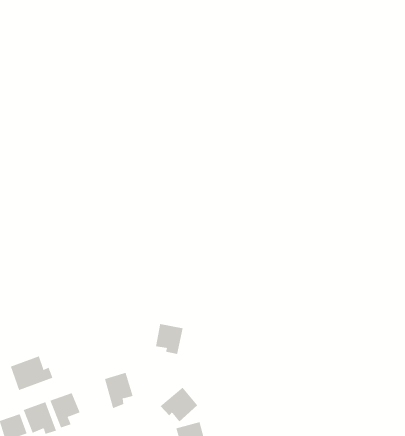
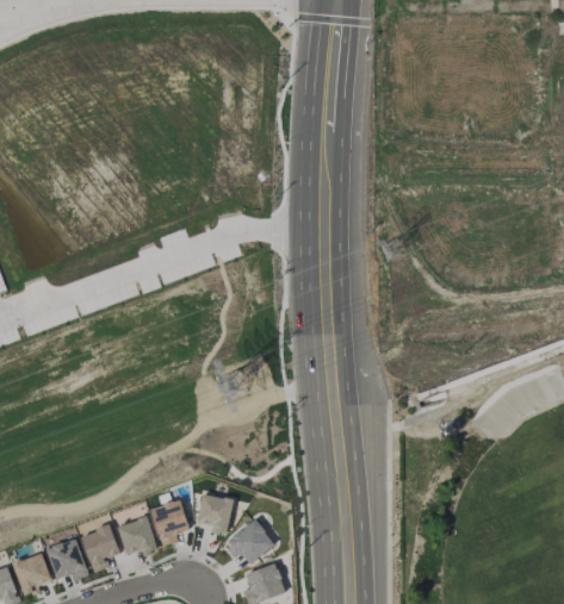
building: [155,324,183,355] -> [196,493,233,534]
building: [10,356,53,391] -> none
building: none -> [116,516,157,555]

